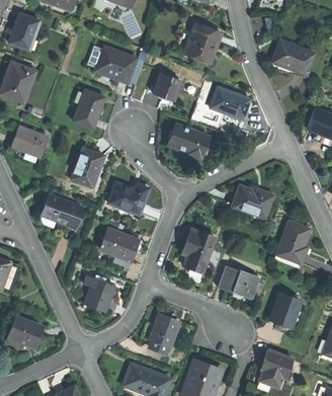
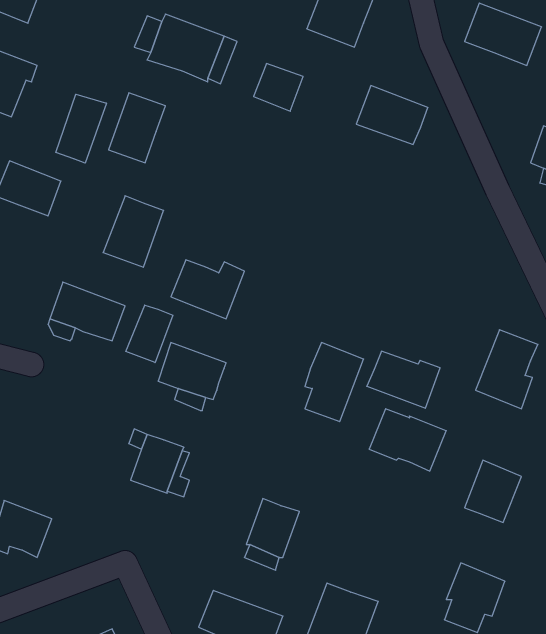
building: none -> [56,94,106,163]
building: [167,124,209,160] -> none
building: [232,185,272,217] -> [367,351,440,408]
building: none -> [126,305,173,363]

